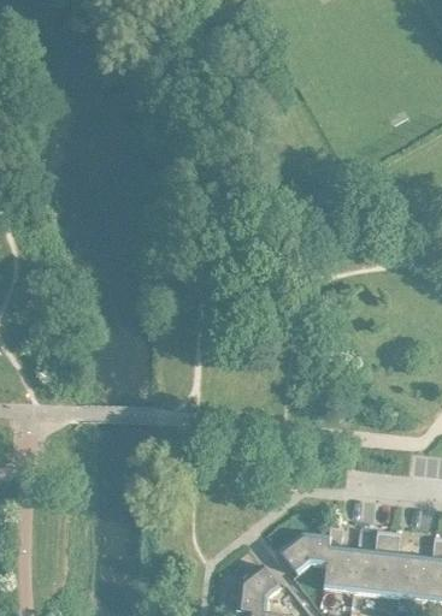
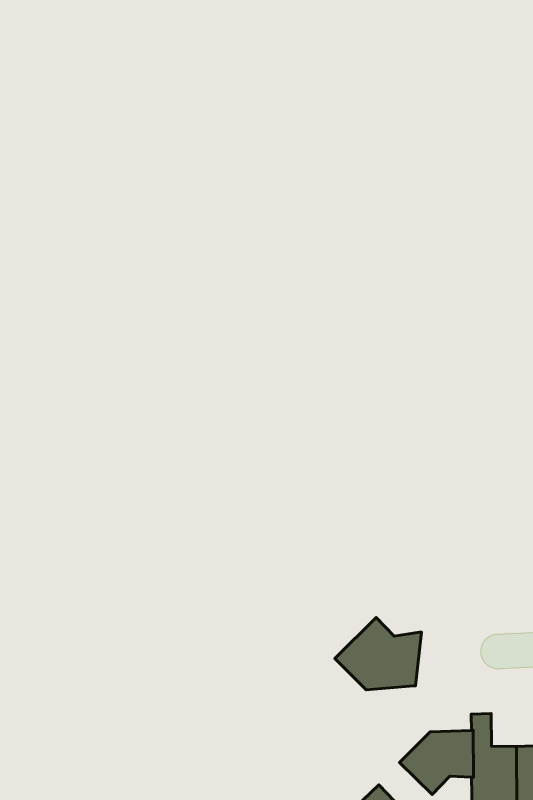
building: none -> [335,617,421,690]

